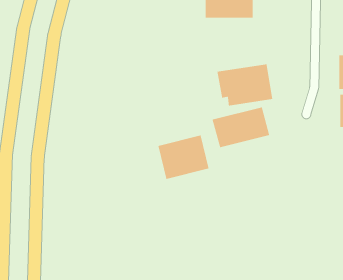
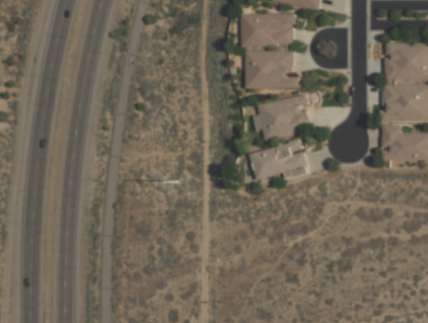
building: none -> [245,51,299,87]
building: [157,135,210,180] -> none

